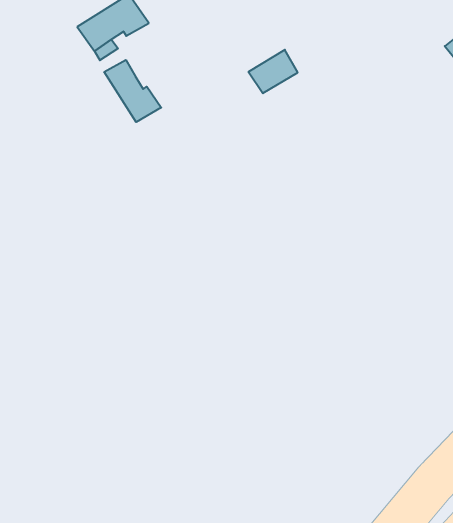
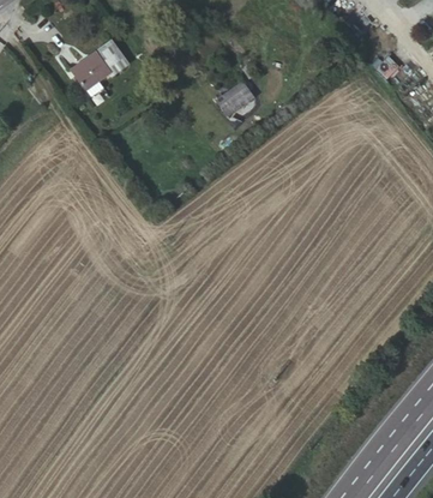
building: [104,60,161,122] -> none

